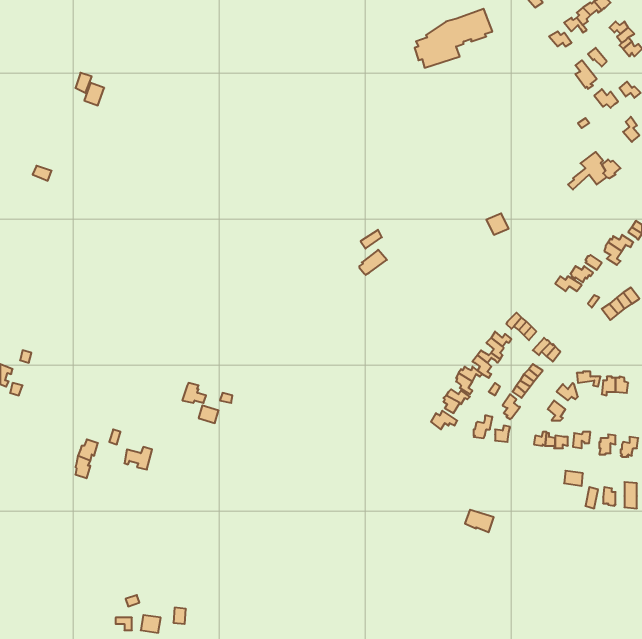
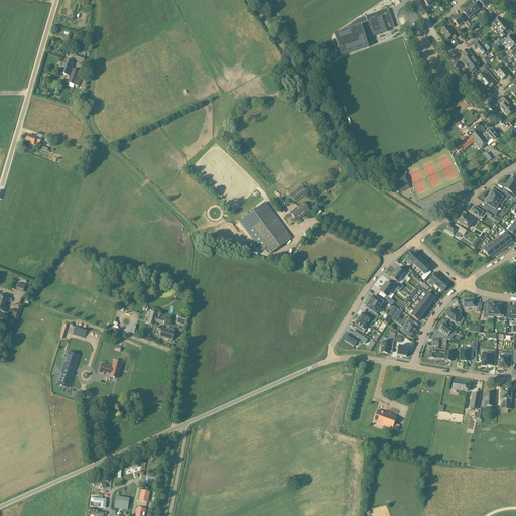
building: none -> [245,200,292,252]

